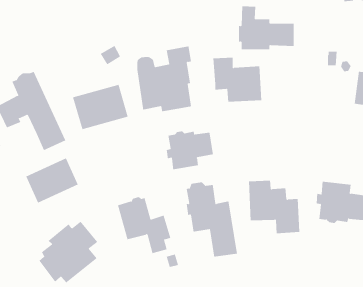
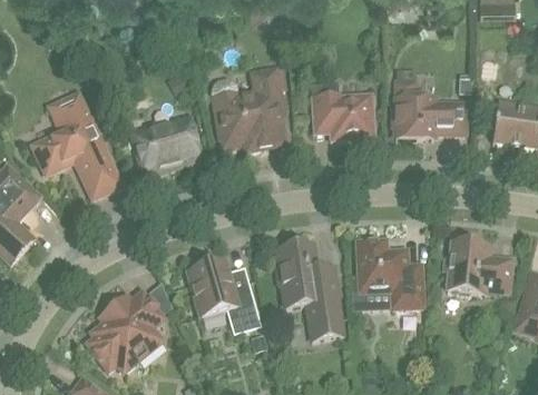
building: [238,6,294,50] -> [392,81,464,138]
building: [166,130,213,170] -> none
building: [25,157,78,203] -> none

